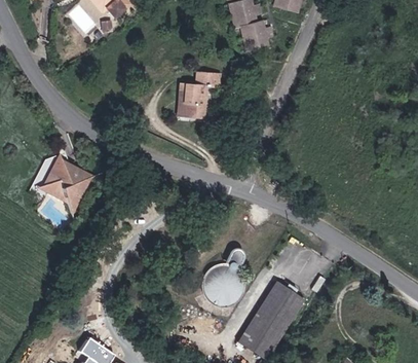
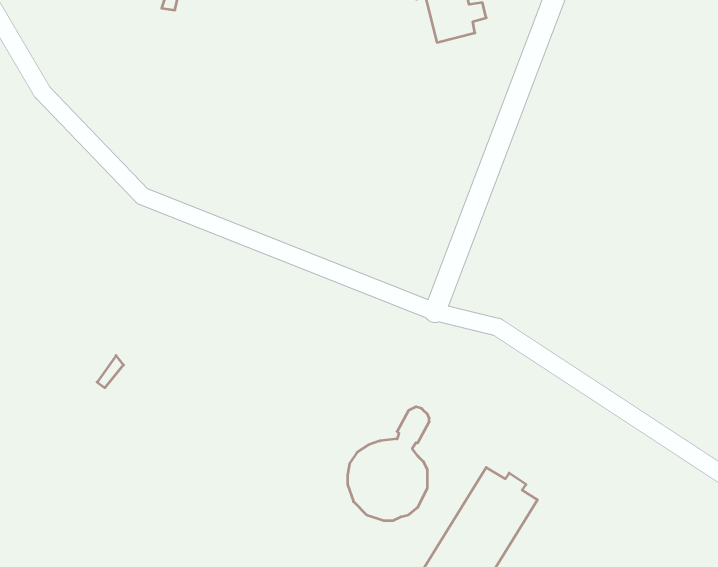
building: [180,71,218,113] -> none
building: [40,153,94,212] -> none

